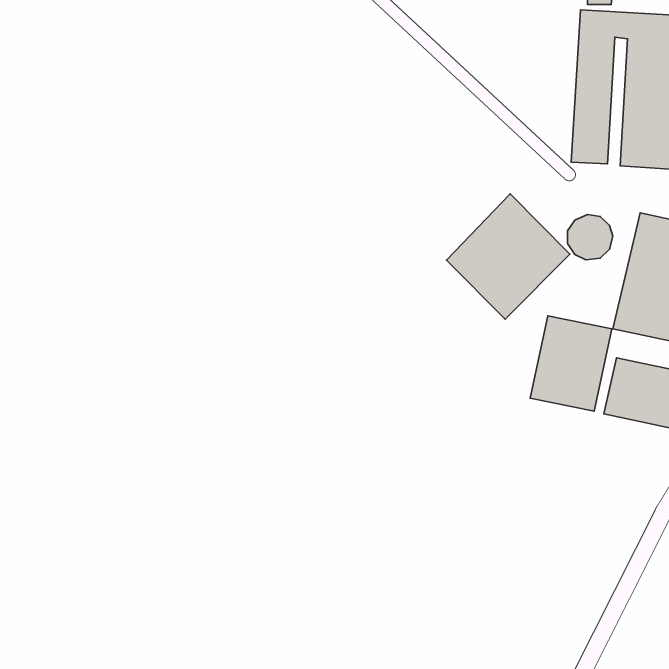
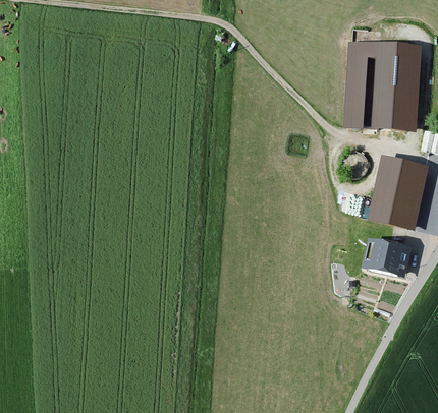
building: [446,194,570,319] -> none
building: [530,316,612,411] -> none

